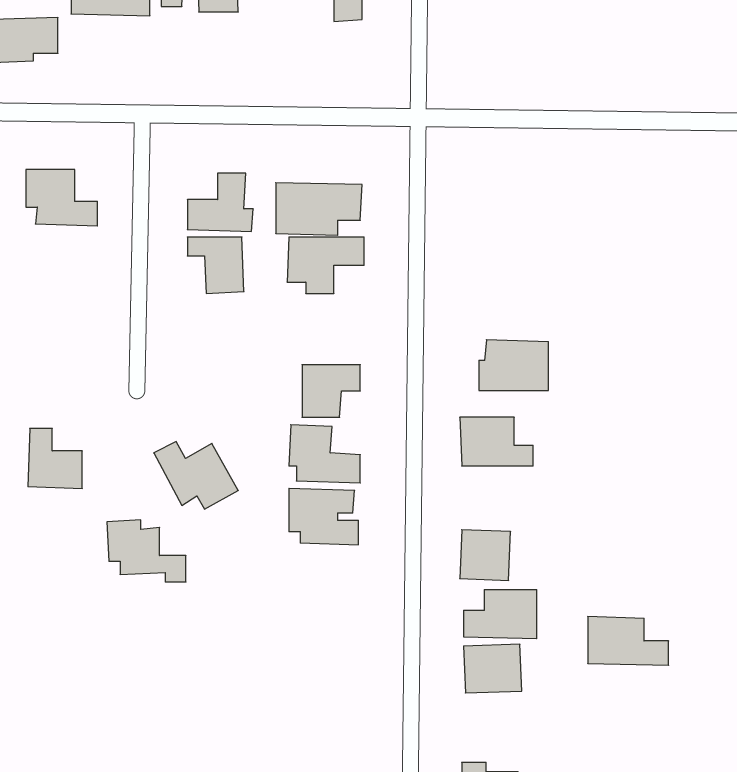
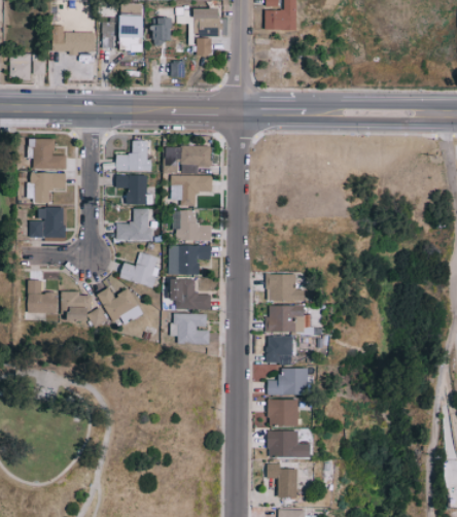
building: none -> [27,172,67,202]
building: none -> [30,207,65,238]
building: none -> [117,208,151,240]
building: none -> [171,210,212,240]
building: [479,340,548,390] -> [266,305,304,333]
building: none -> [120,251,161,287]
building: [107,520,186,582] -> [62,290,105,324]
building: [588,617,669,665] -> [268,430,312,457]

